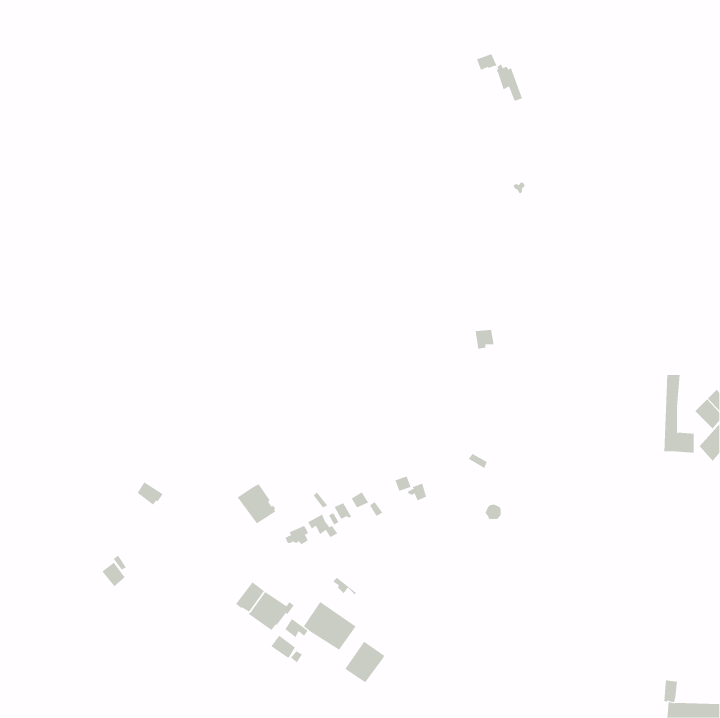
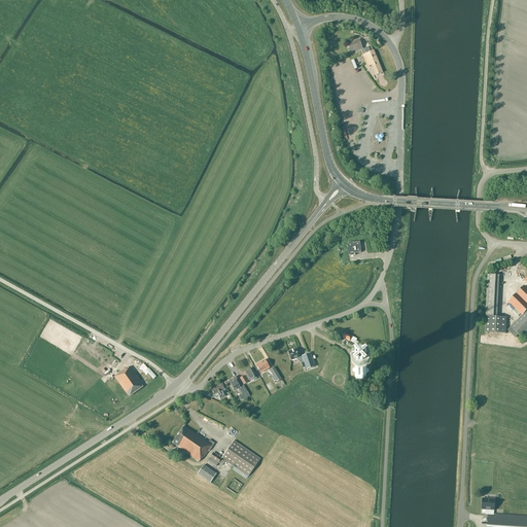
building: [237,483,276,524] -> [114,365,143,395]
building: [345,641,385,683] -> none

